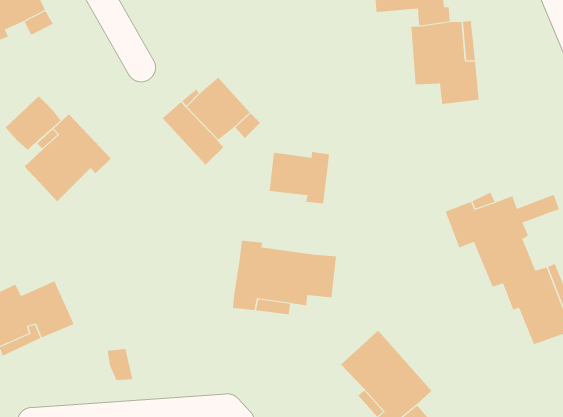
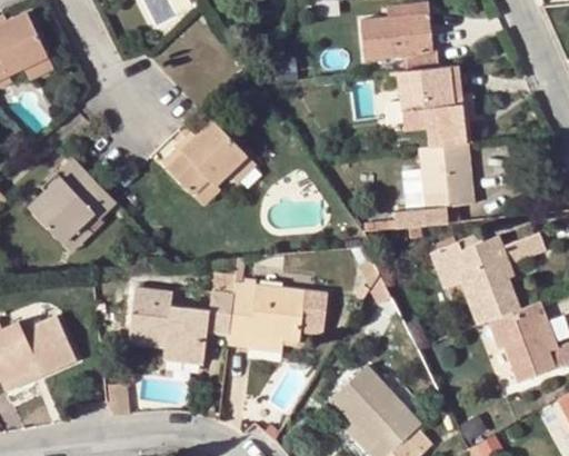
building: [5,96,61,150] -> none
building: none -> [395,142,471,227]
building: [269,151,329,204] -> none
building: none -> [128,287,233,363]

